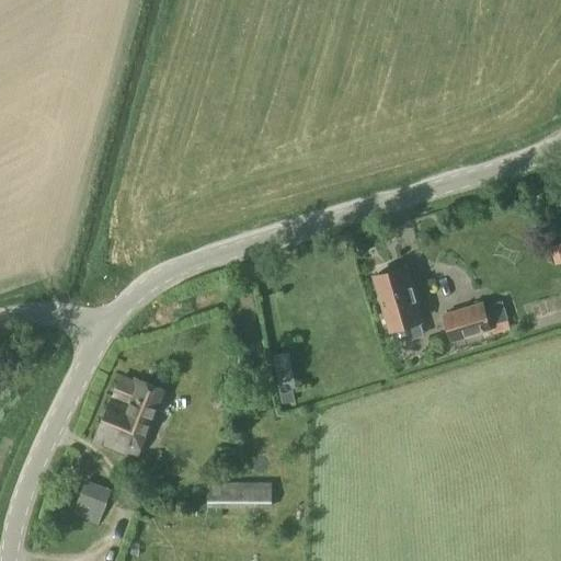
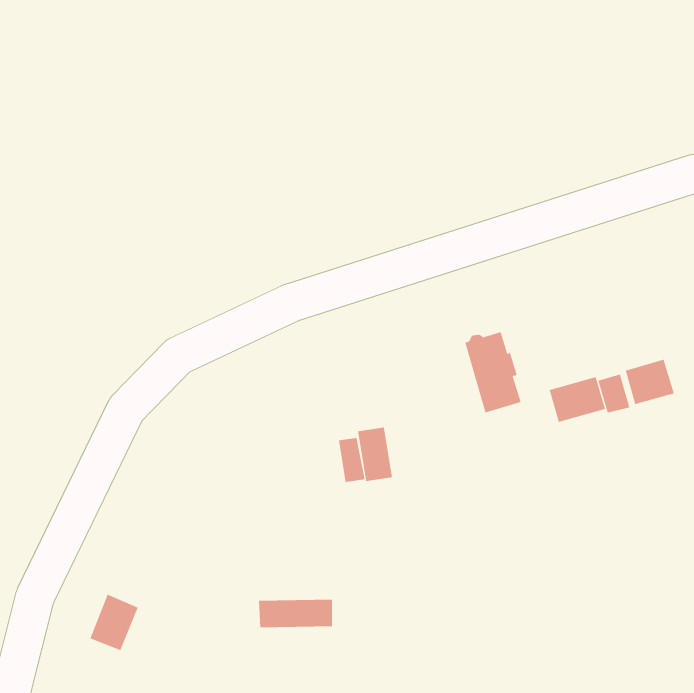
building: none -> [625,359,675,405]
building: none -> [357,427,392,482]
building: [94,376,162,456] -> none

